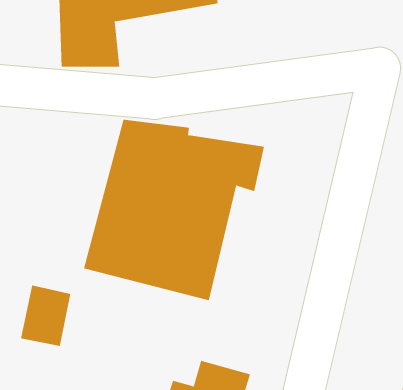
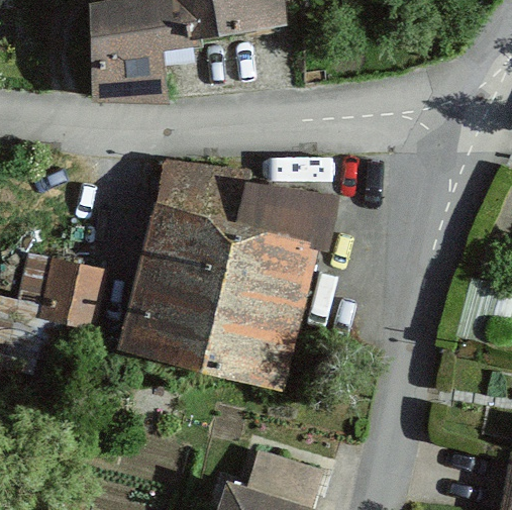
building: [20,285,71,347] -> [40,261,103,336]

